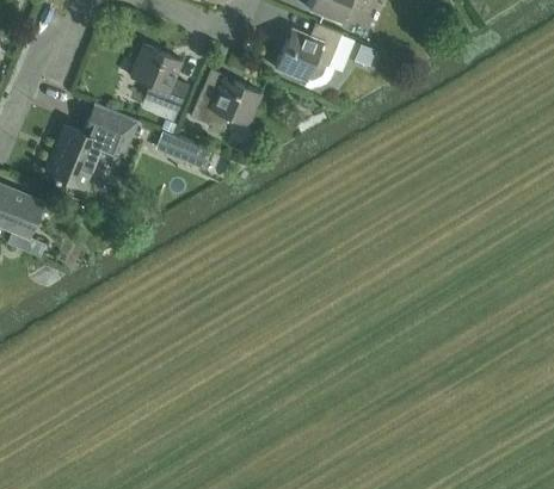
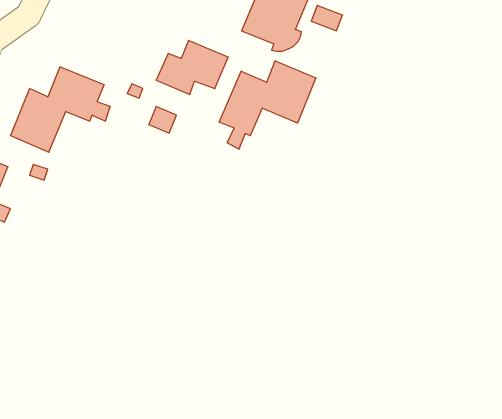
building: [129,44,187,112] -> none
building: none -> [219,61,316,149]

